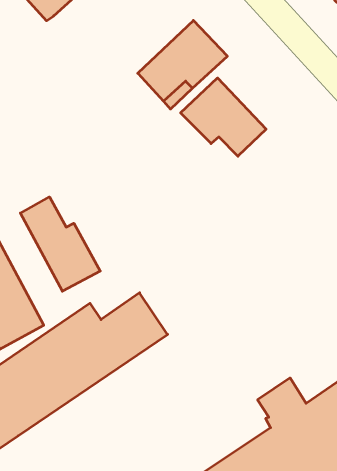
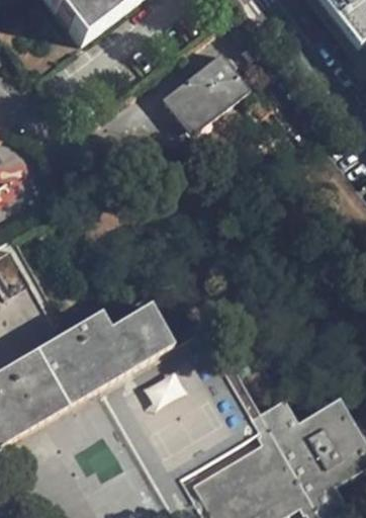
building: [181,78,266,156] -> none
building: [20,197,100,291] -> none

